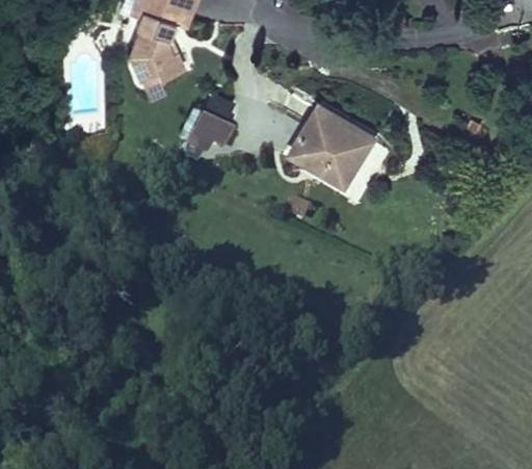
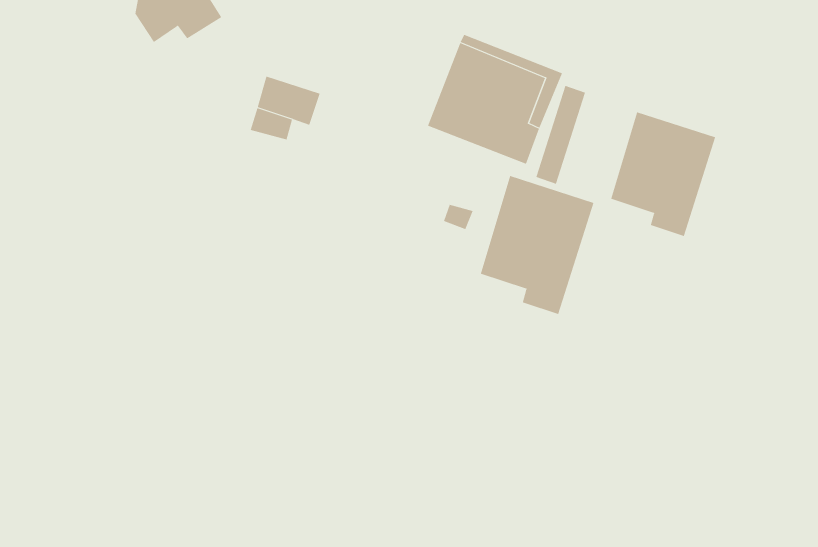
building: none -> [611,111,716,237]
building: none -> [480,175,594,315]

